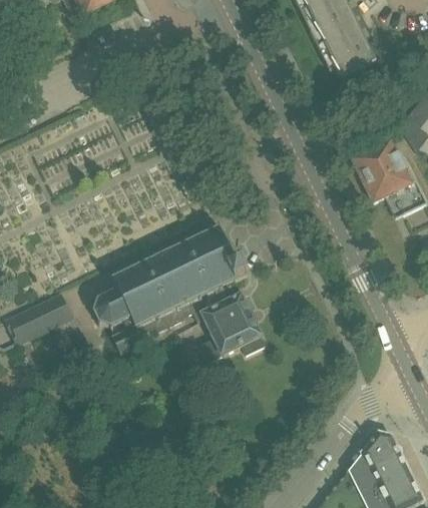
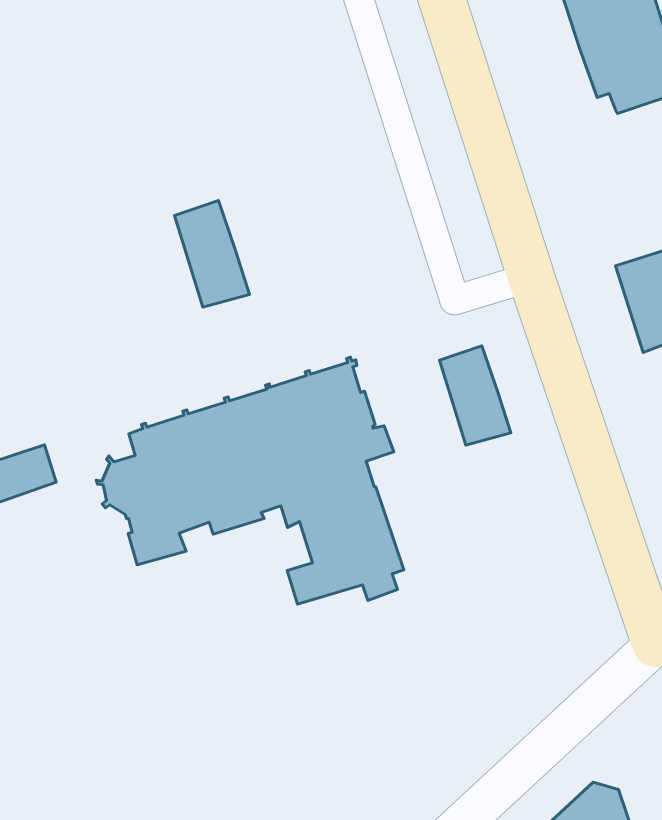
building: none -> [174,201,250,307]
building: none -> [439,346,511,445]

